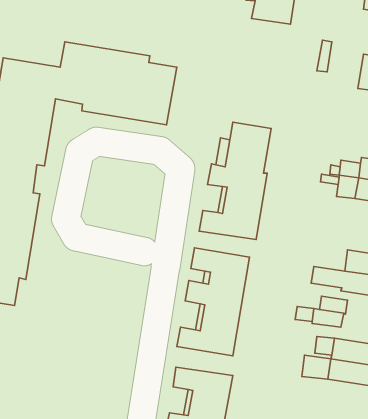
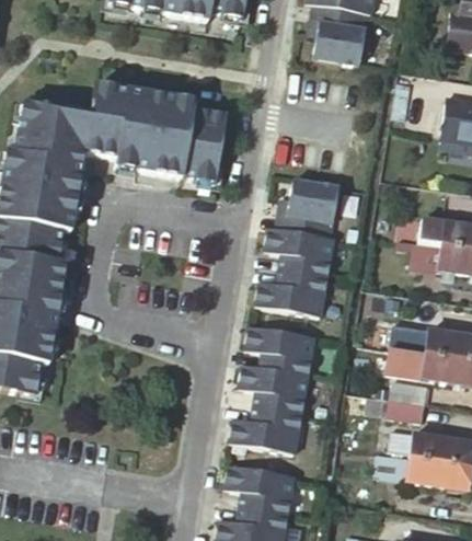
building: none -> [389,322,428,353]

